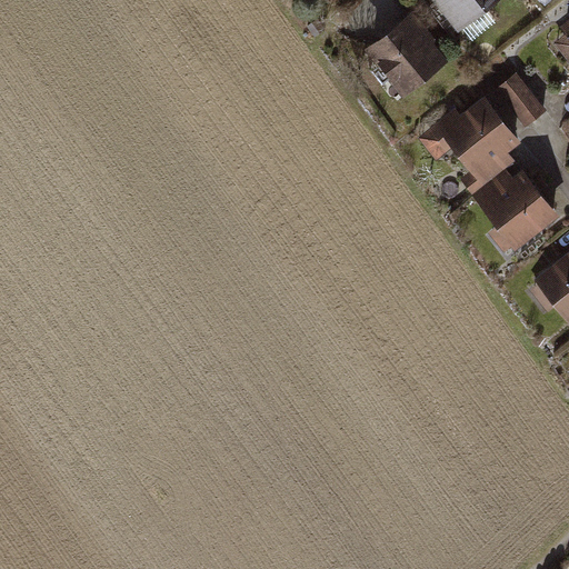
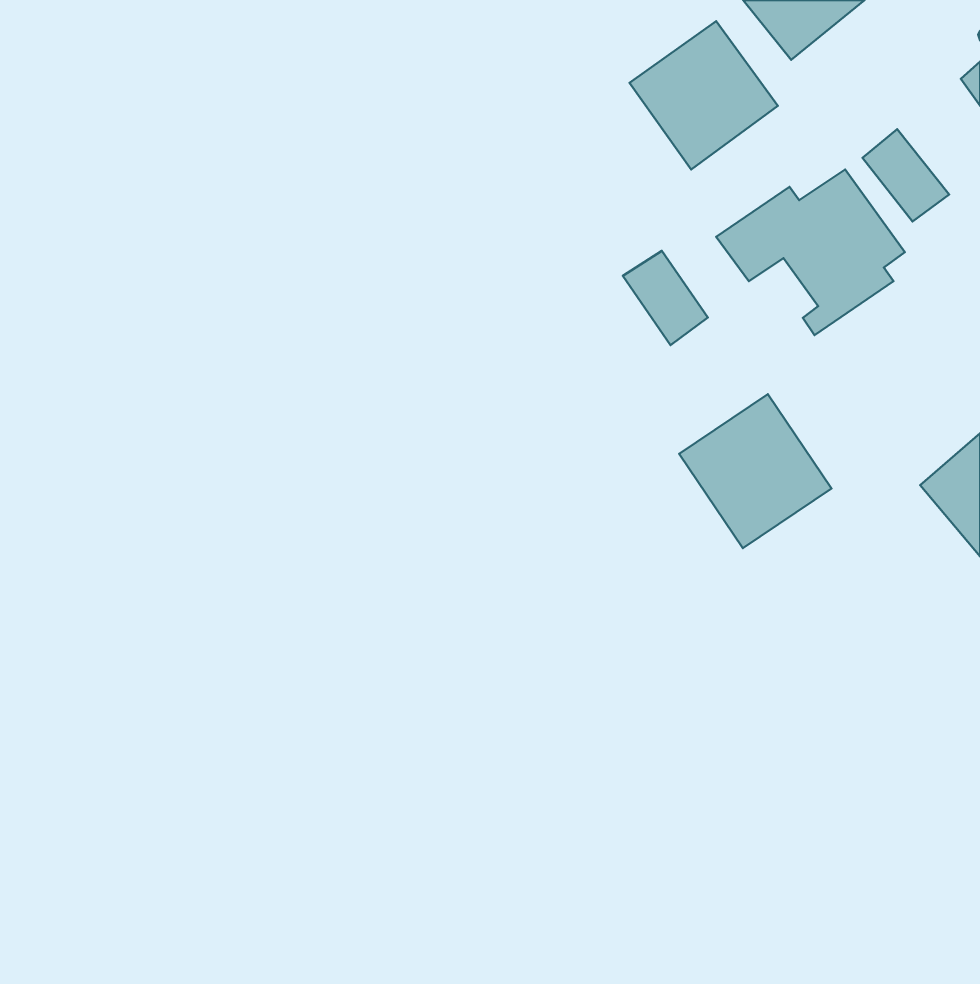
building: none -> [623,251,708,345]
building: [472,166,560,254] -> [679,394,831,548]

